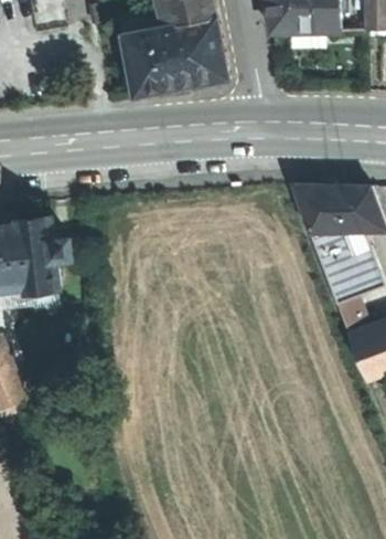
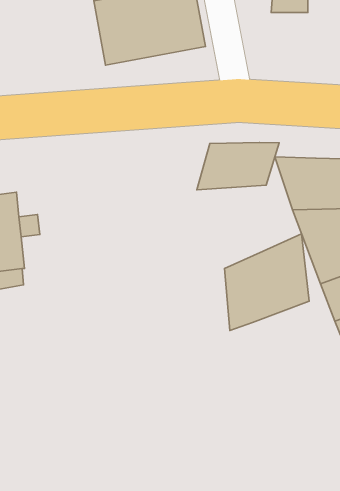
building: none -> [197,143,279,190]
building: none -> [224,234,309,330]

